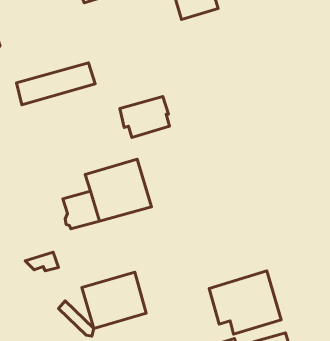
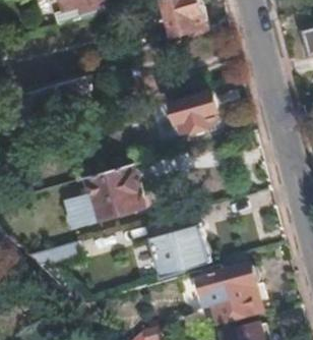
building: [120,96,170,137] -> [171,91,216,128]
building: [82,272,146,329] -> [151,220,210,272]

